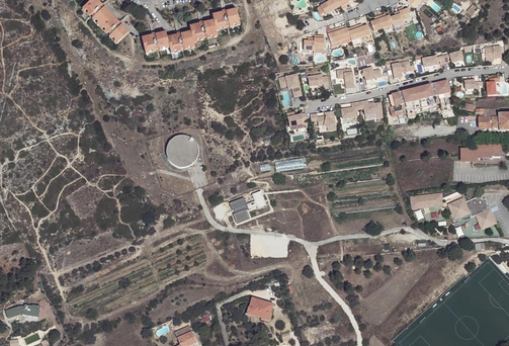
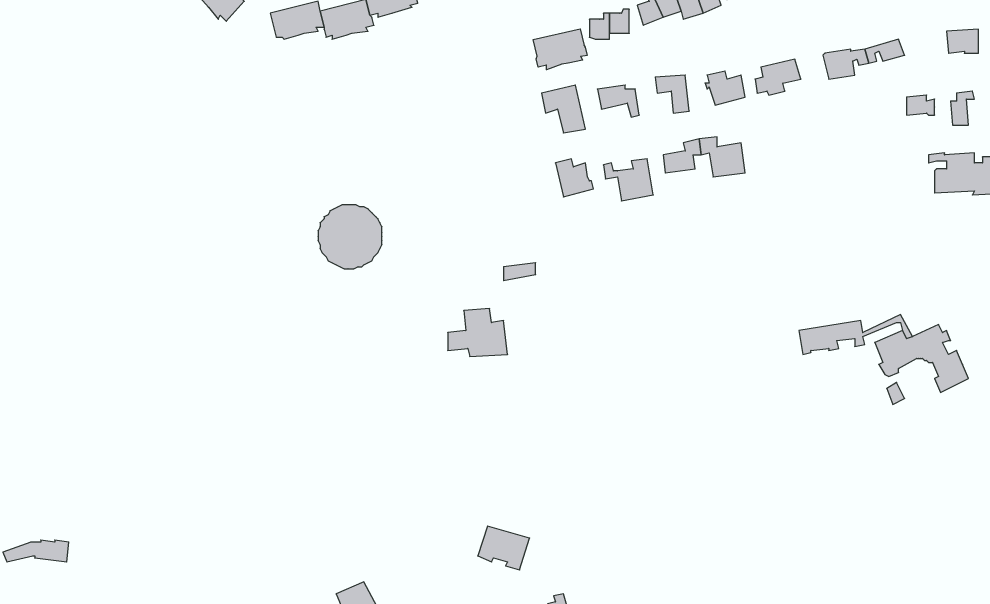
building: none -> [533,29,587,70]
building: [389,79,451,118] -> none
building: [461,143,501,160] -> none

